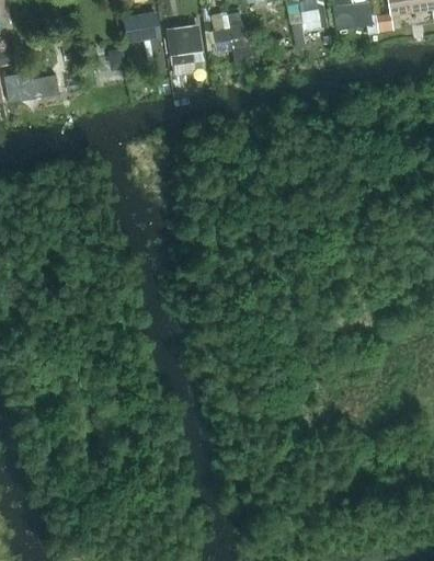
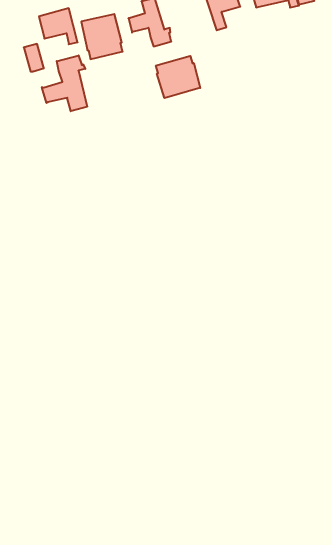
building: none -> [42,55,87,111]
building: none -> [156,56,200,98]

